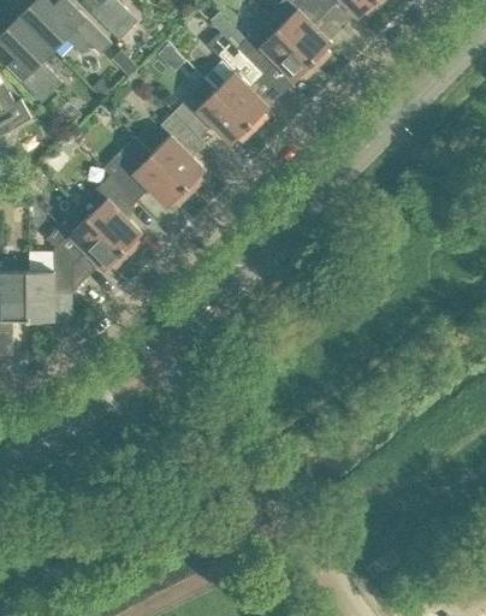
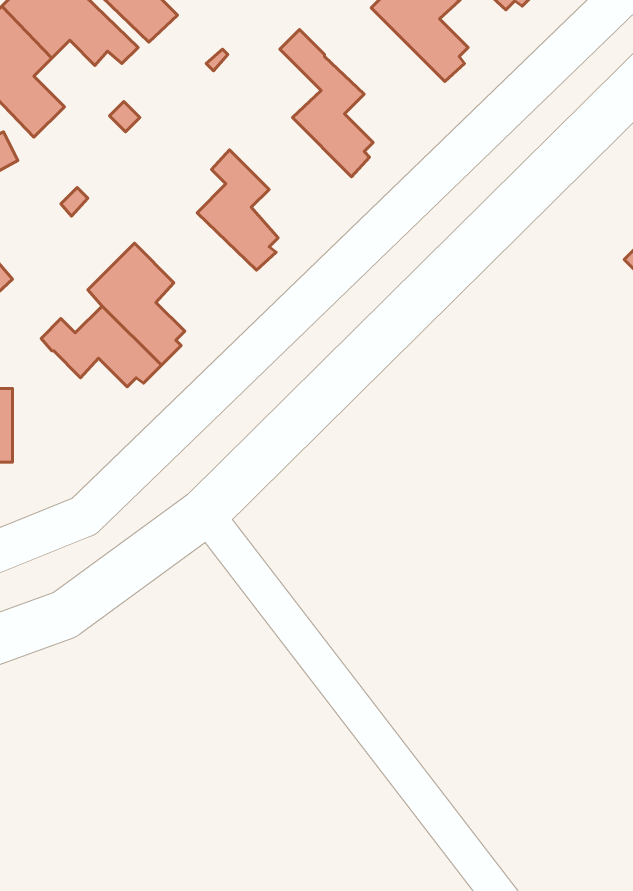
building: [237,17,318,82] -> none
building: [173,79,255,144] -> none
building: [102,136,191,208] -> none
building: [28,247,73,321] -> none

